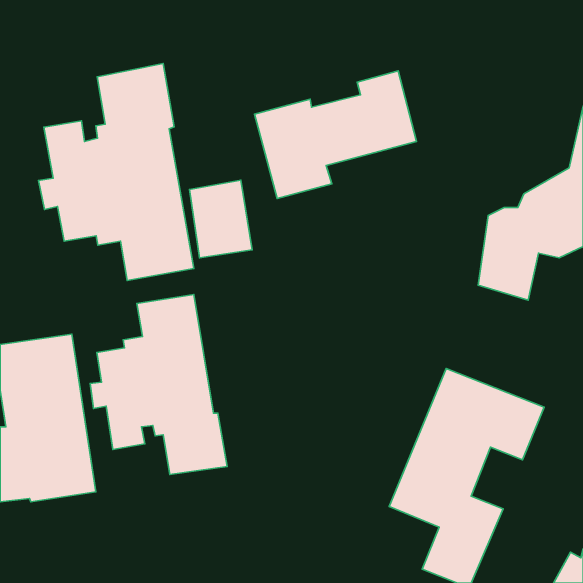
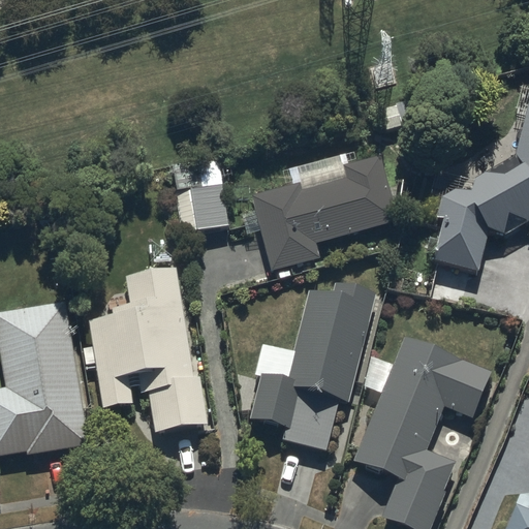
building: [39,64,194,280] -> none
building: [254,71,416,199] -> [250,154,397,270]
building: none -> [249,281,378,450]

